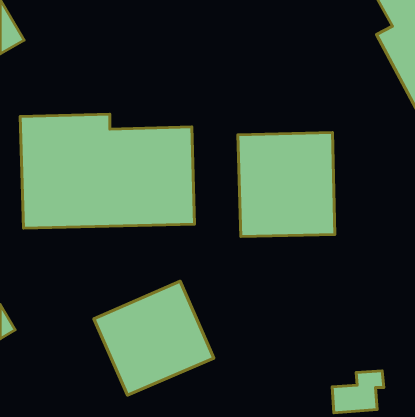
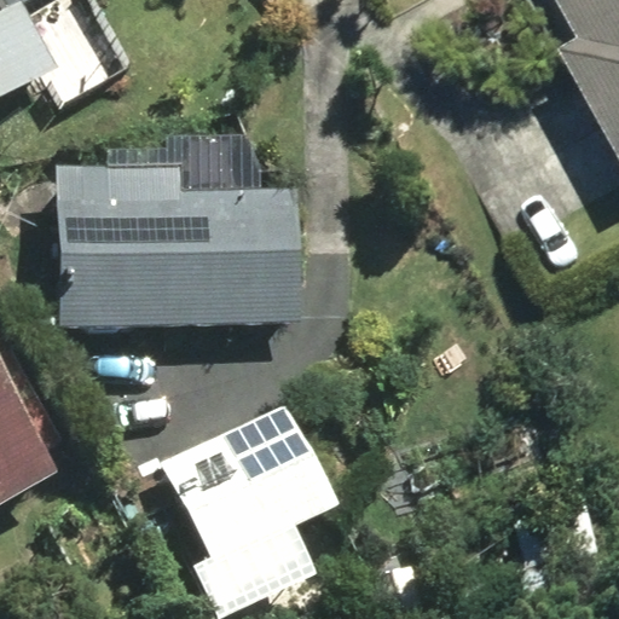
building: [238,133,335,236] -> none

